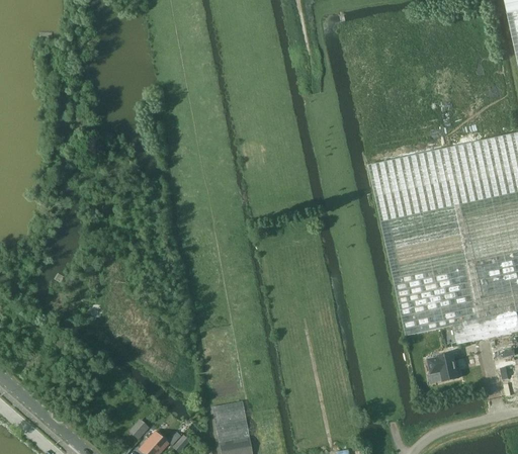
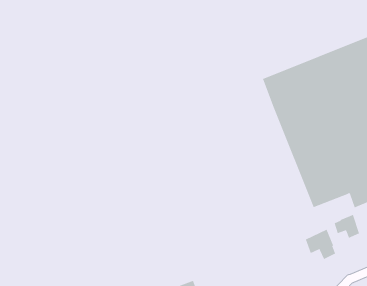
building: none -> [305,229,336,260]

